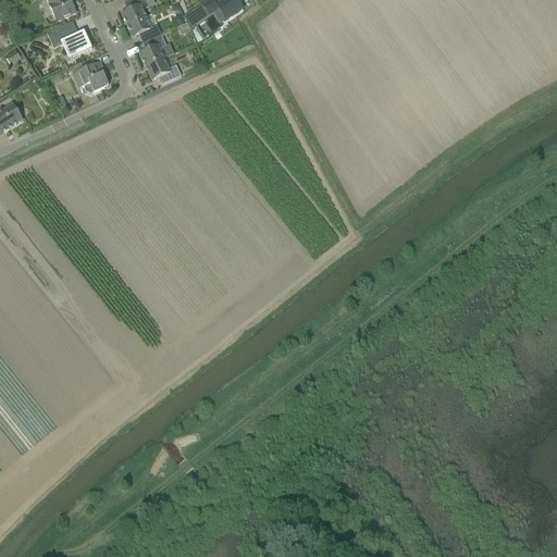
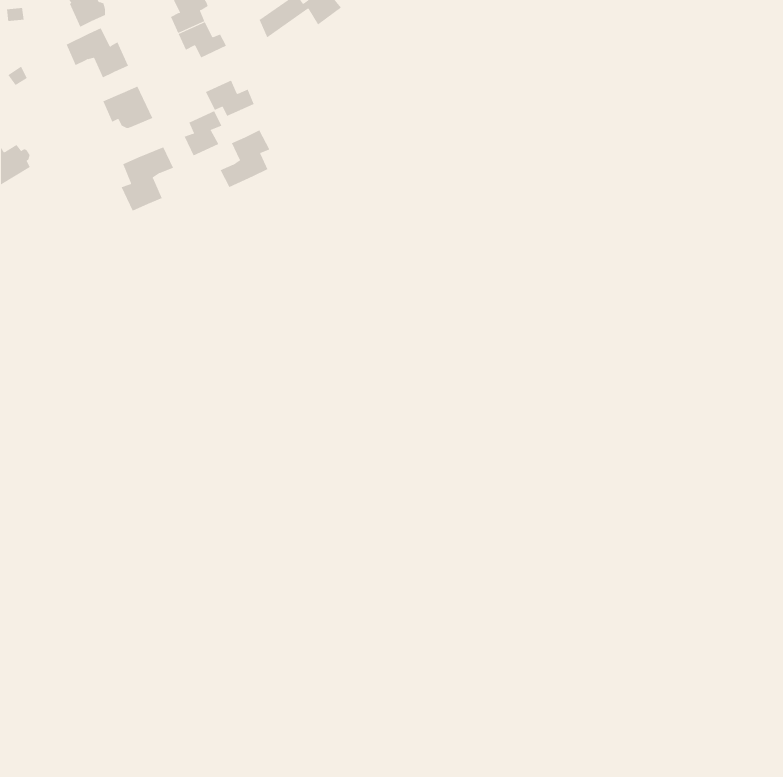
building: [139,33,166,65] -> [184,110,222,156]
building: none -> [220,129,270,188]
building: none -> [121,146,174,212]

